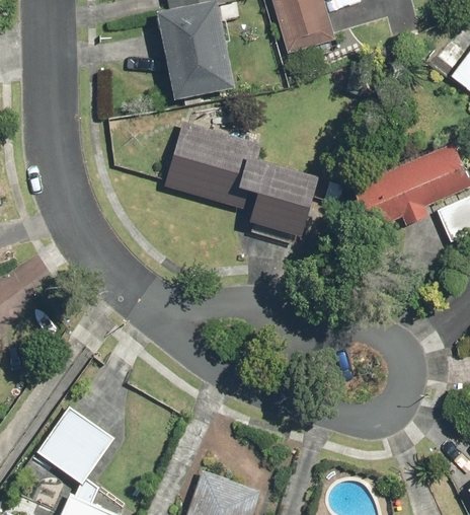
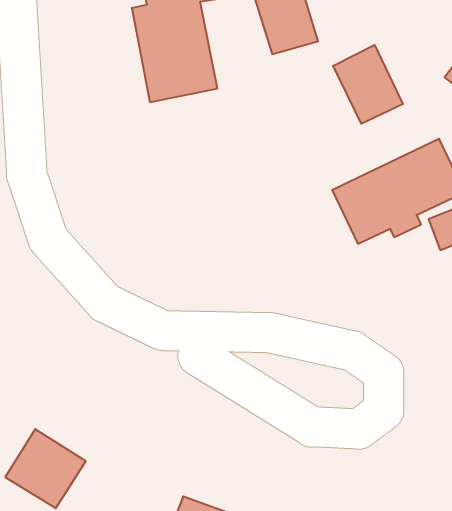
building: none -> [333,45,403,124]
building: [163,121,323,235] -> none

